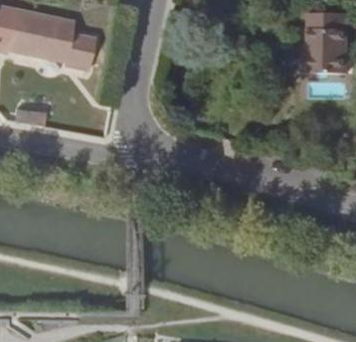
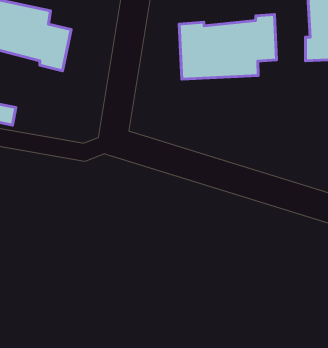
building: none -> [179,14,276,79]

